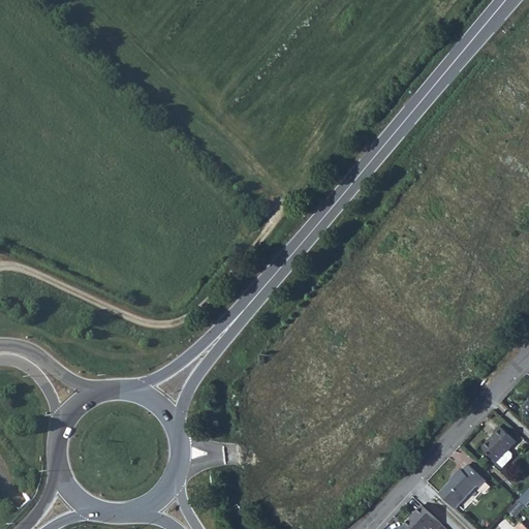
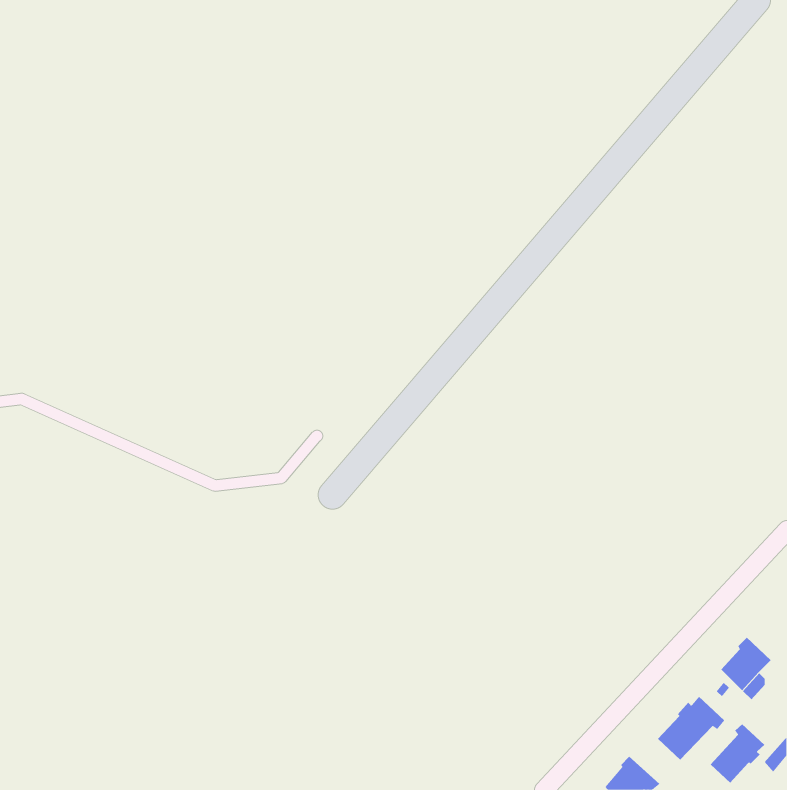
building: none -> [710,723,765,783]

